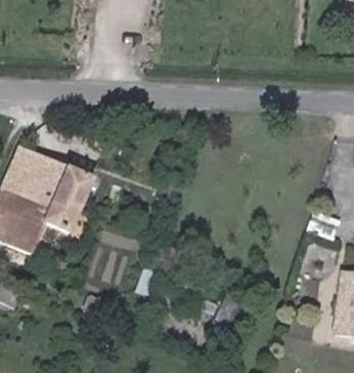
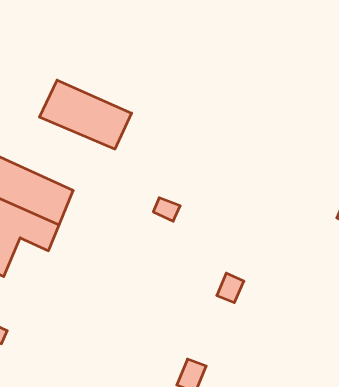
building: none -> [39,80,132,149]

